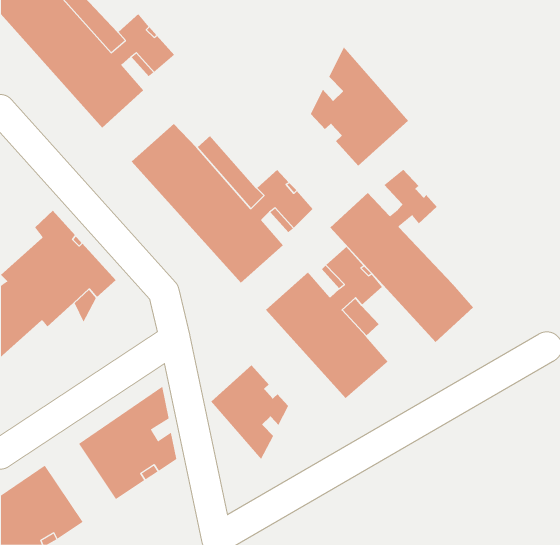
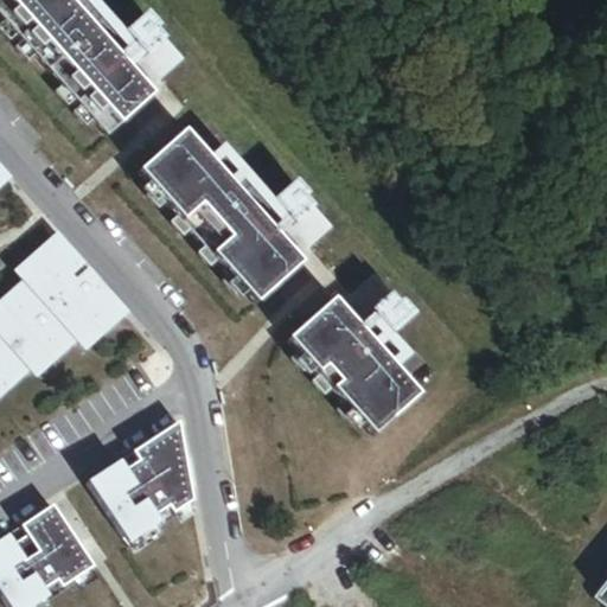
building: [310,47,409,166] -> none
building: [329,169,474,343] -> none
building: [210,365,289,460] -> none

